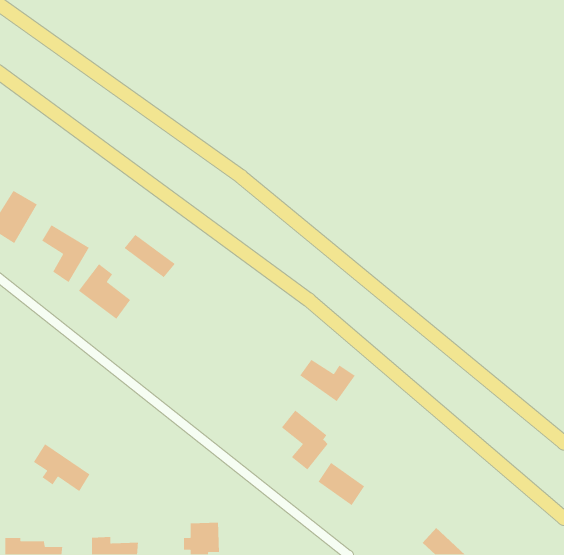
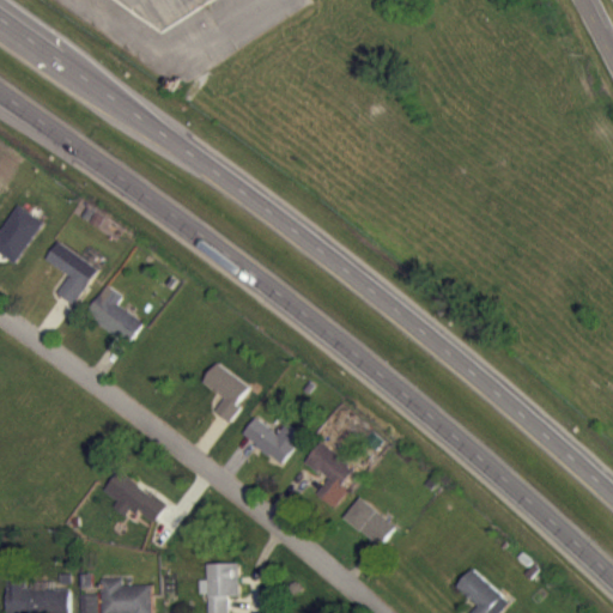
building: [123,234,176,278] -> none
building: none -> [201,363,250,420]
building: [299,359,356,402] -> [239,418,301,465]
building: [33,443,90,492] -> [102,471,164,523]

